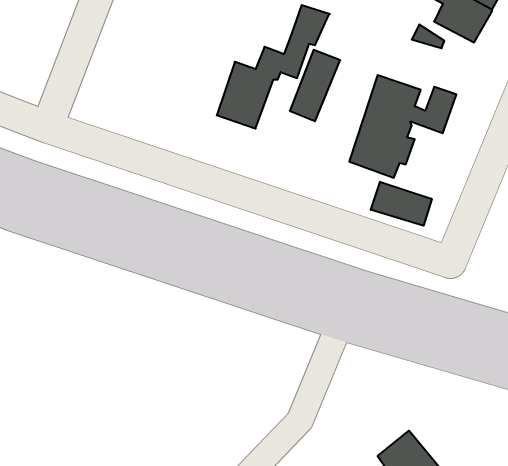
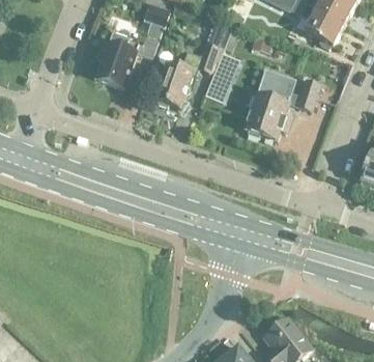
building: none -> [96,22,162,88]
building: [371,182,432,226] -> none

